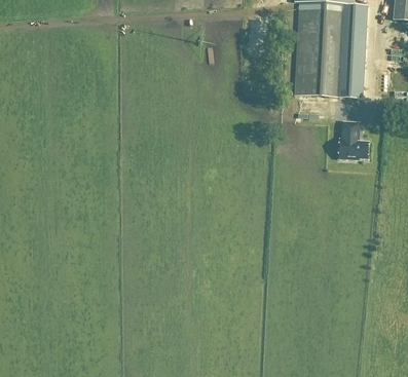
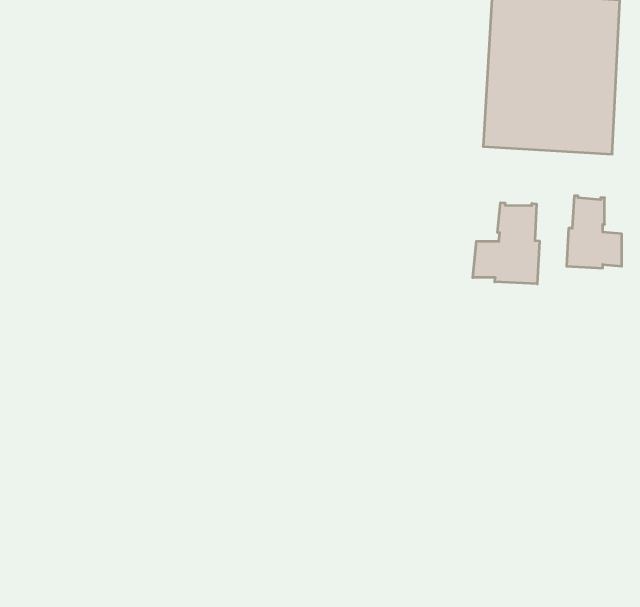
building: none -> [473,203,539,284]

